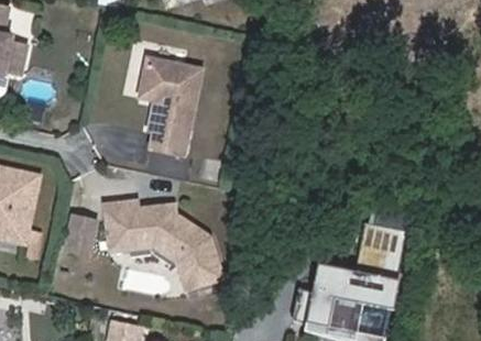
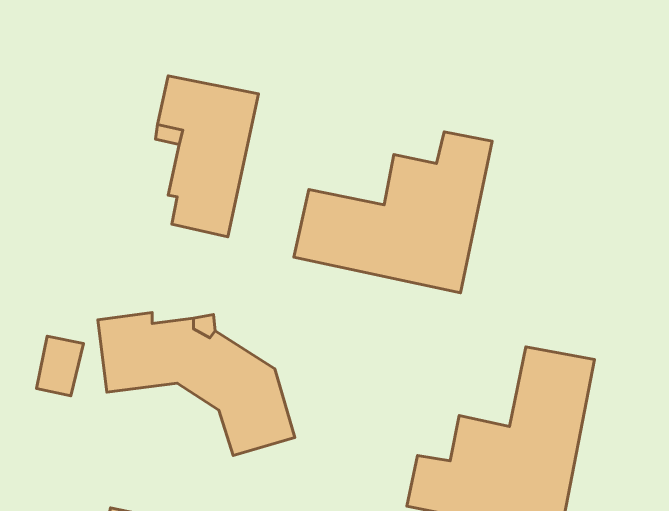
building: none -> [294,132,492,293]

